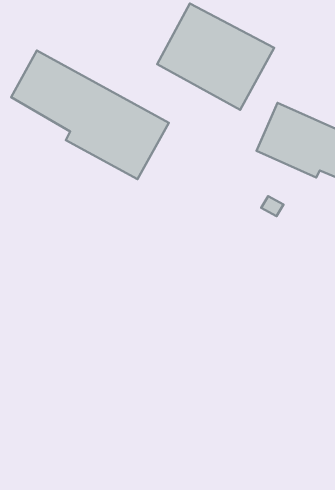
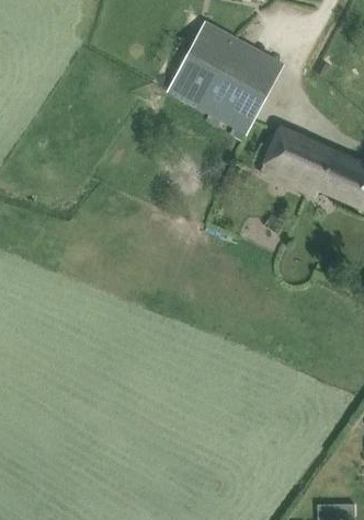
building: [11,51,169,179] -> none

